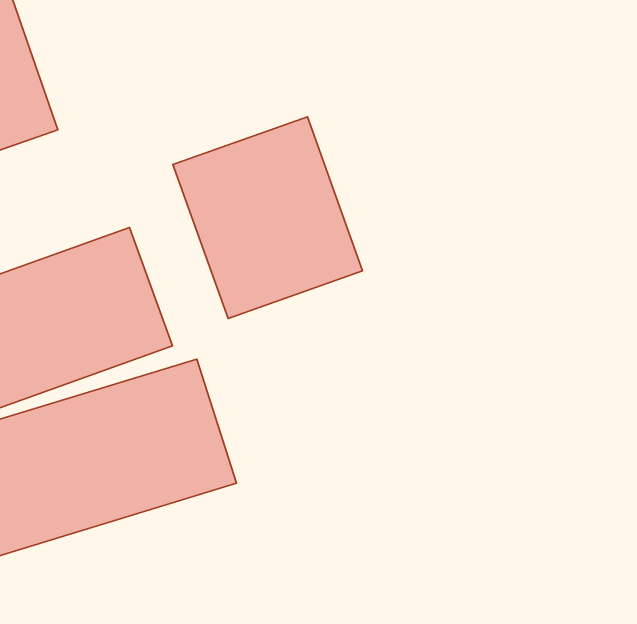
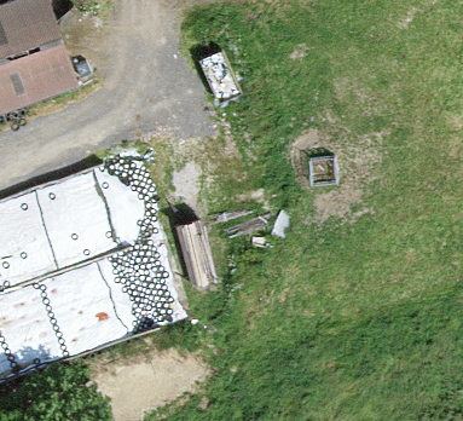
building: [173,117,363,319] -> none

